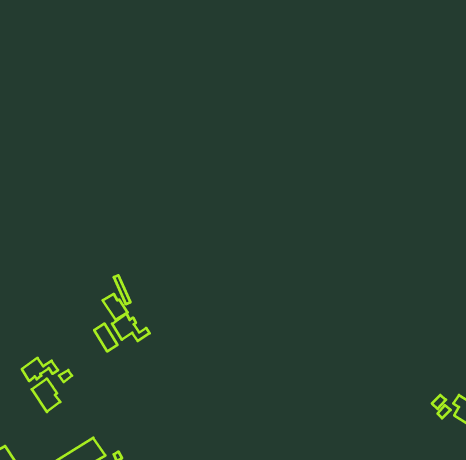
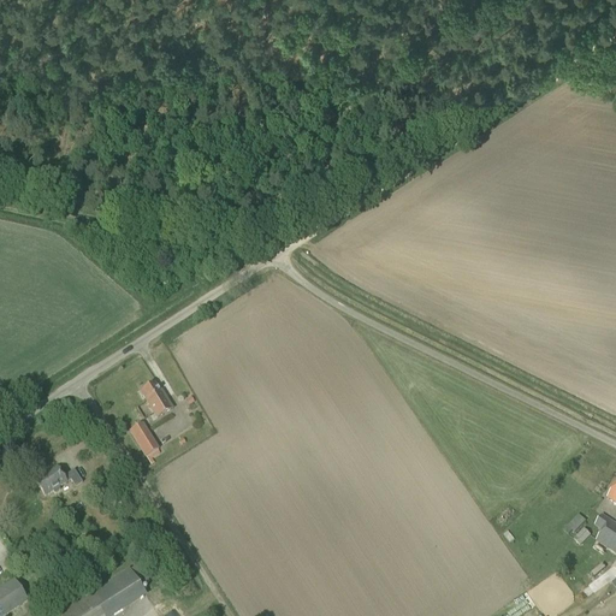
building: [112,314,150,341] -> none
building: [32,379,60,412] -> none

